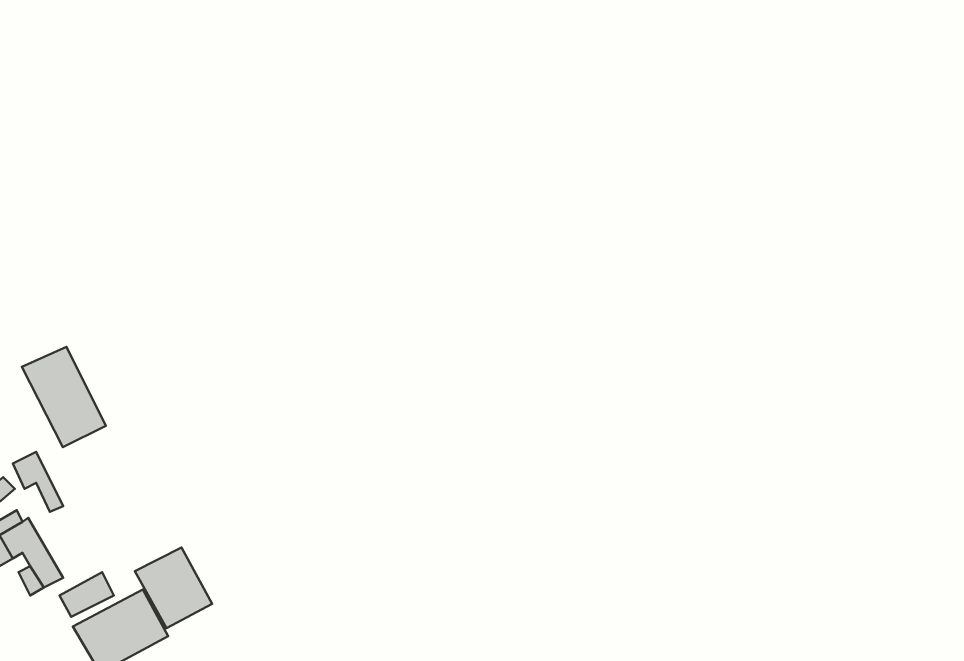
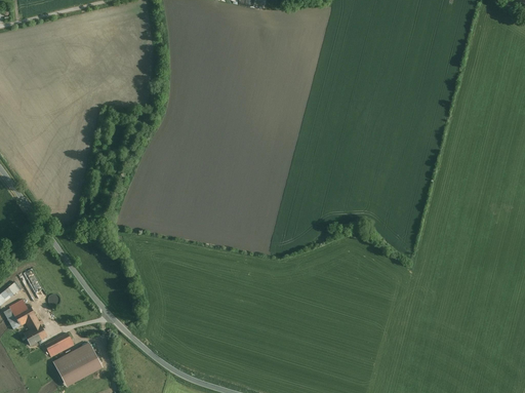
building: [22,347,106,447] -> none
building: [135,547,212,628] -> none

